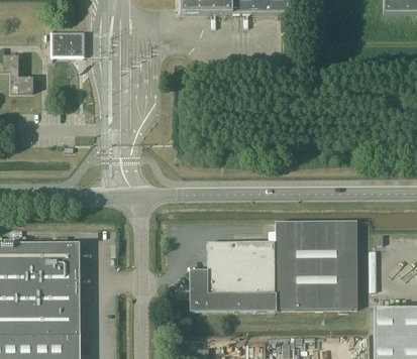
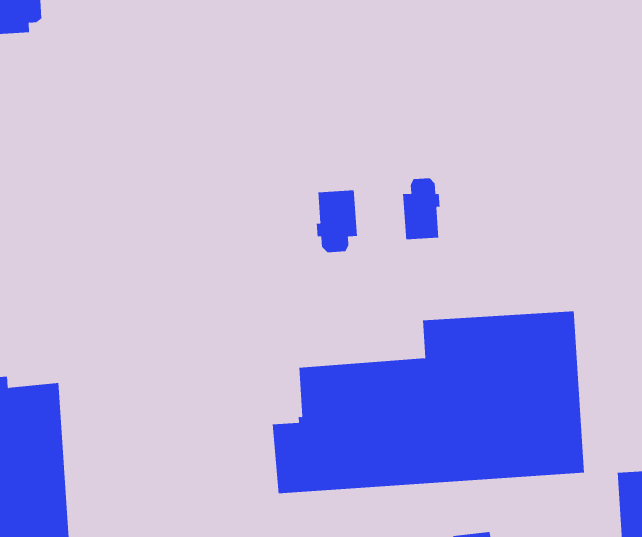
building: none -> [403,177,440,240]
building: none -> [316,189,358,253]

